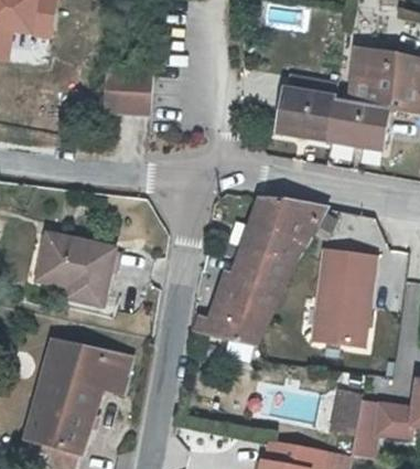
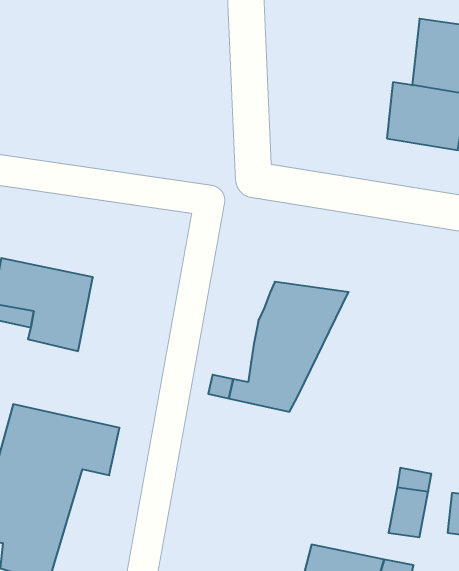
building: [100,65,146,108] -> none
building: [276,75,334,140] -> none
building: [245,198,324,255] -> none
building: [313,252,373,344] -> none

